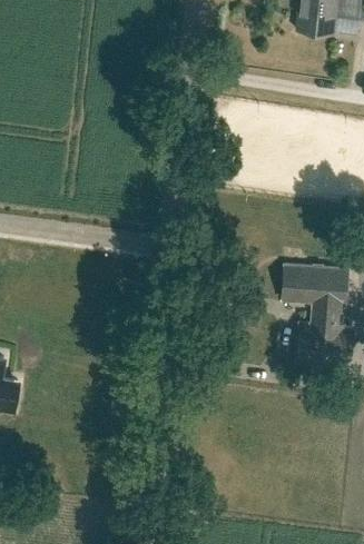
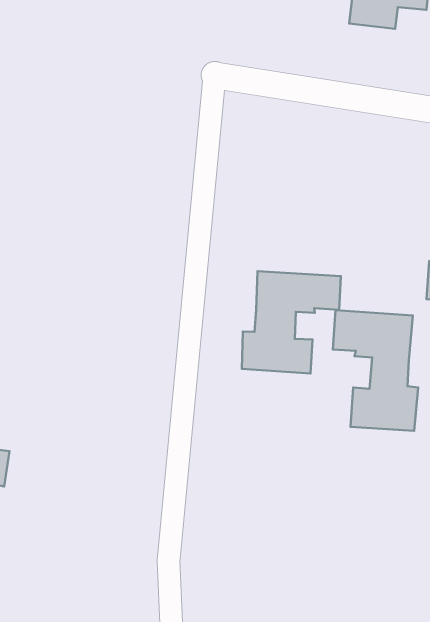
building: none -> [242,271,341,373]

